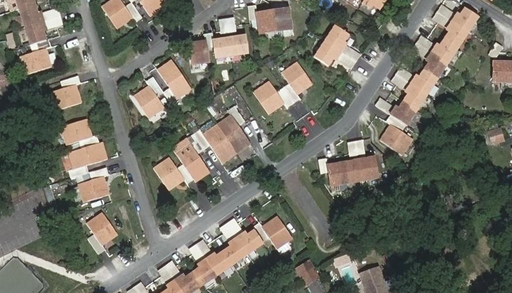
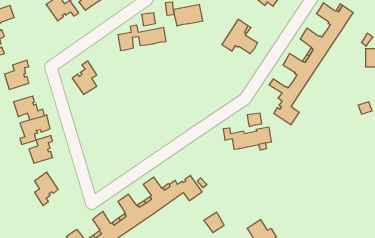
building: [159,61,192,108] -> none
building: [254,62,313,113] -> none
building: [154,106,251,190] -> none

